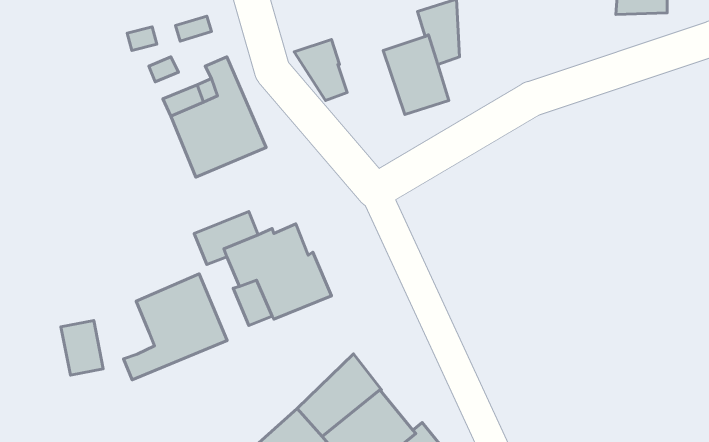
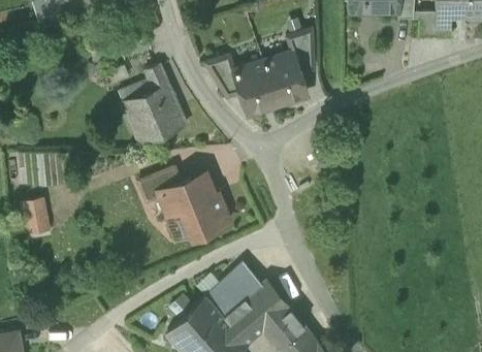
building: none -> [233,60,278,113]
building: [124,274,227,380] -> none
building: [61,320,103,375] -> [22,198,50,234]

